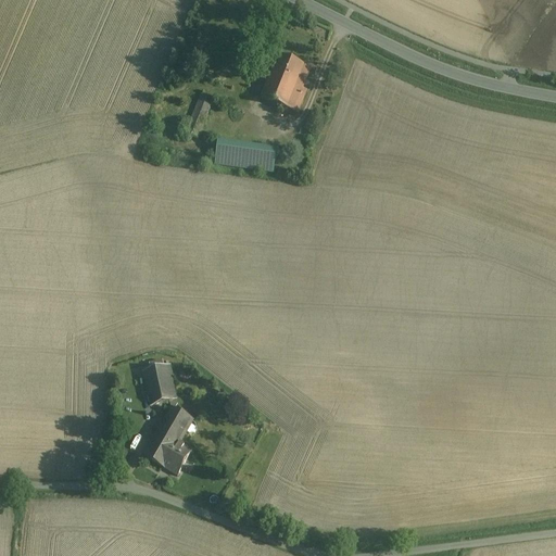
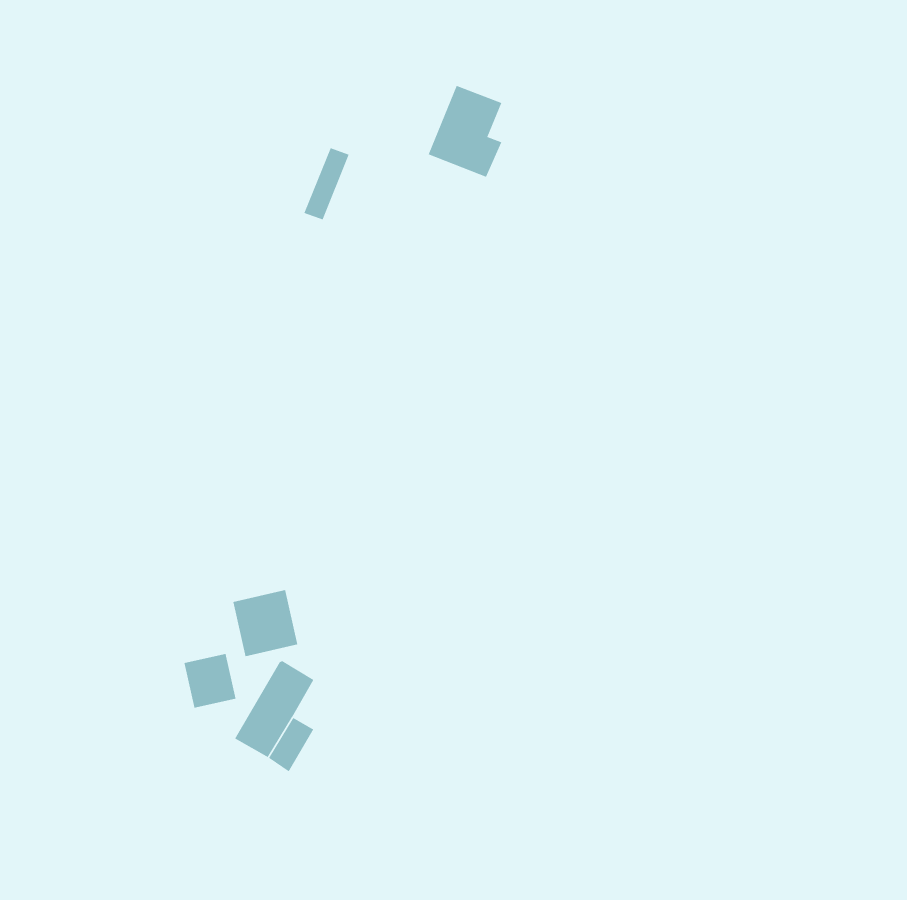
building: [216,140,276,168] -> none
building: none -> [184,653,236,709]

